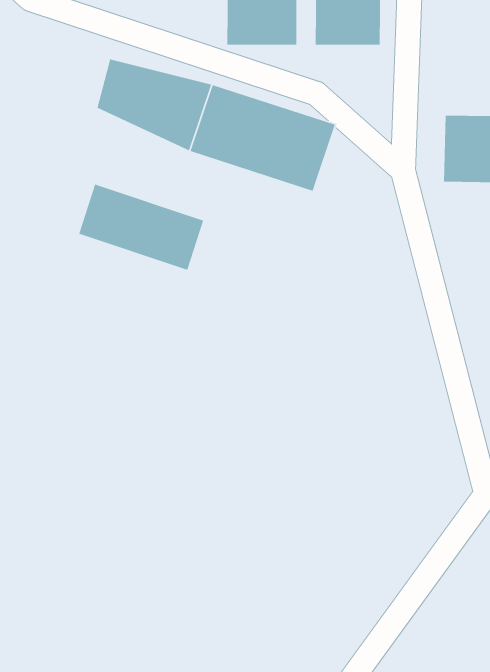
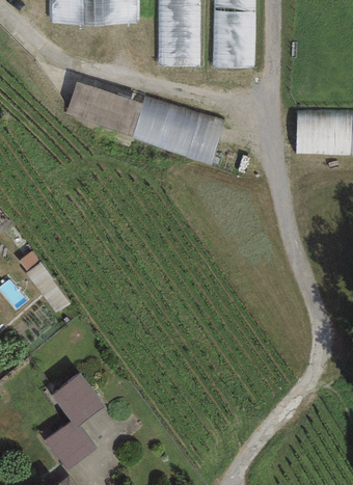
building: [78,184,204,271] -> none
building: none -> [47,362,109,462]

